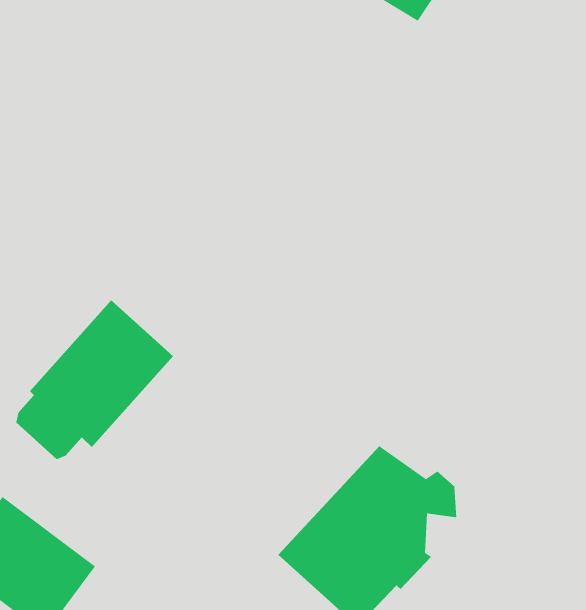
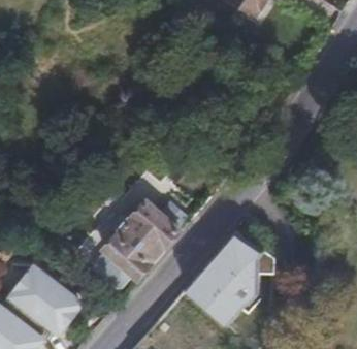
building: [16,300,174,460] -> [96,198,180,283]

